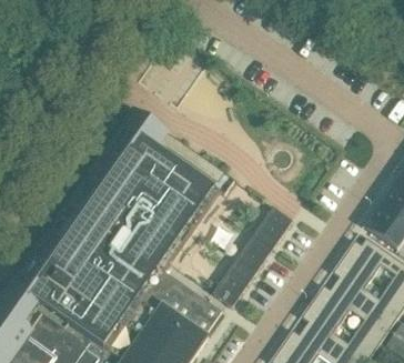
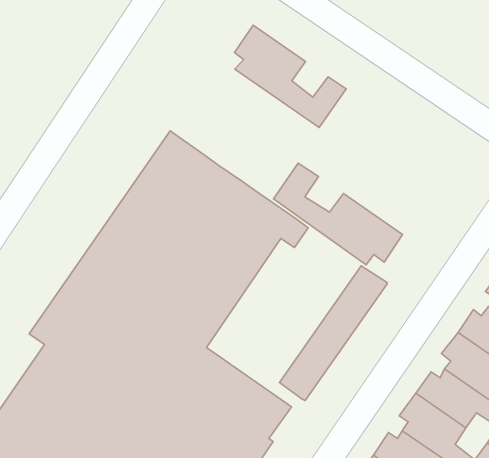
building: none -> [234,25,346,128]
building: none -> [273,163,402,265]

